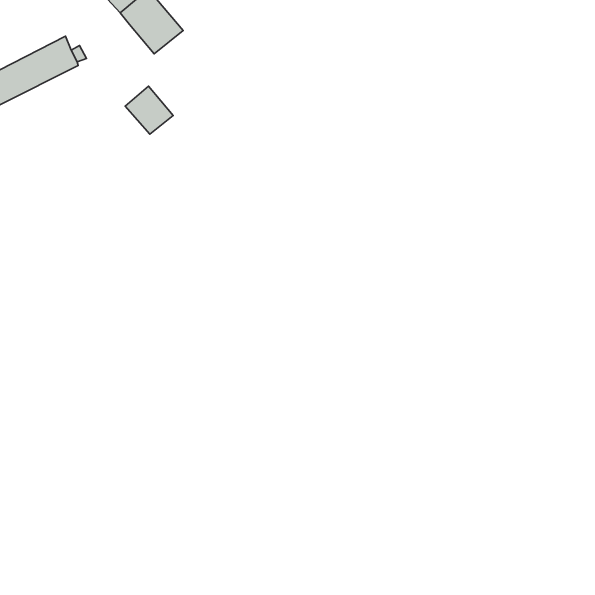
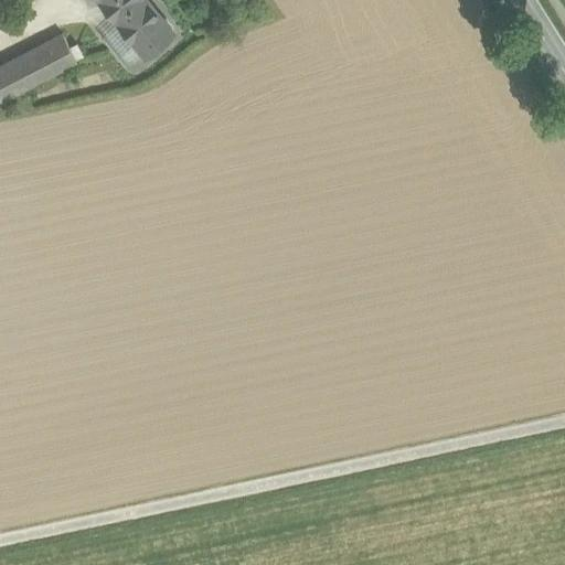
building: [125,86,173,134] -> [100,23,146,68]

